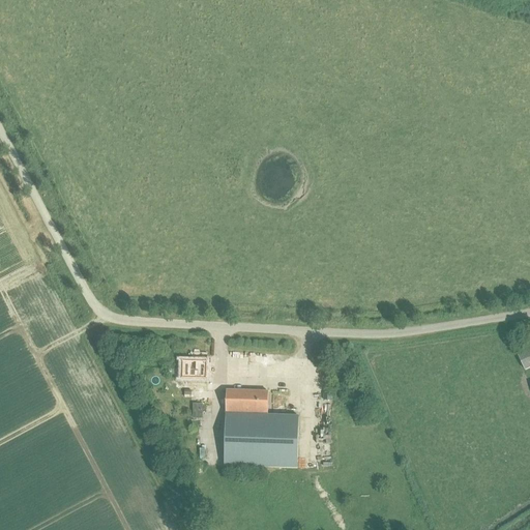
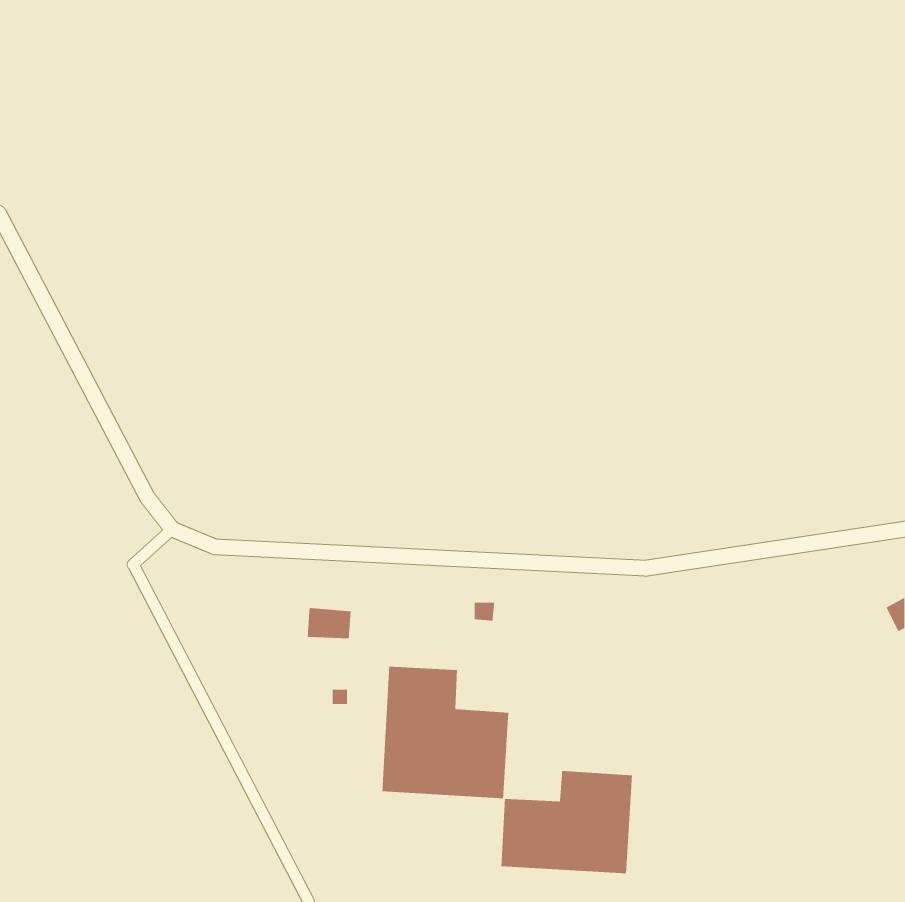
building: none -> [501,770,633,874]

